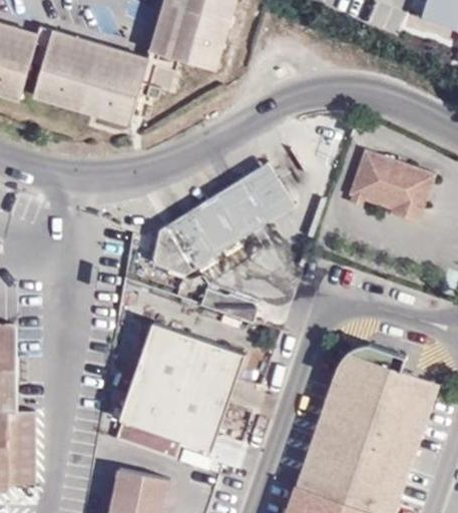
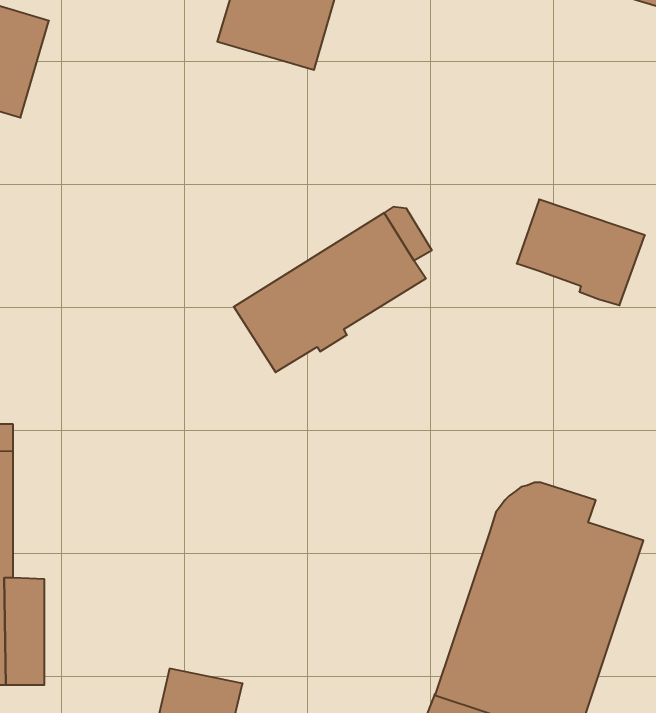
building: [29,26,174,122] -> none
building: [148,227,188,276] -> none
building: [117,326,248,463] -> none

